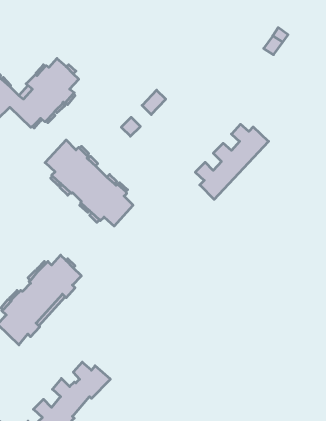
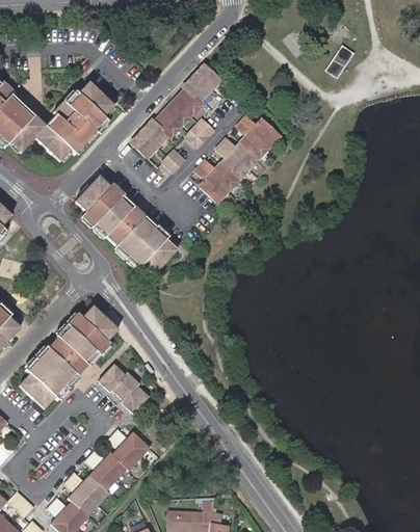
building: none -> [131,63,220,156]
building: [195,124,269,199] -> [195,115,280,202]
building: none -> [99,365,149,414]

